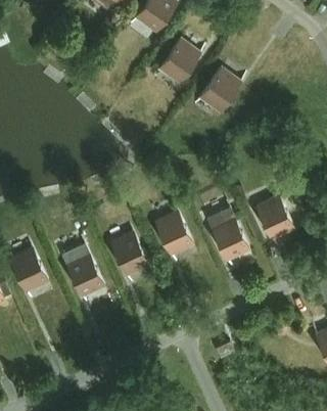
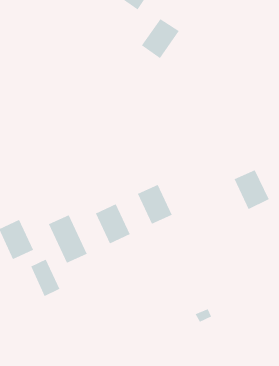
building: [199,67,240,110] -> none
building: [206,207,248,260] -> none
building: none -> [30,258,61,297]

